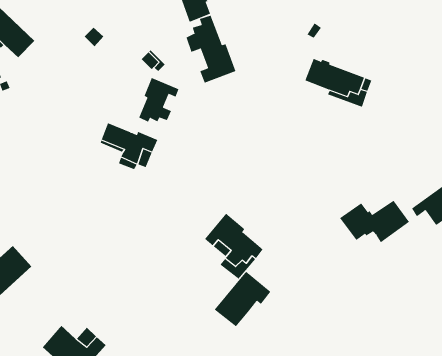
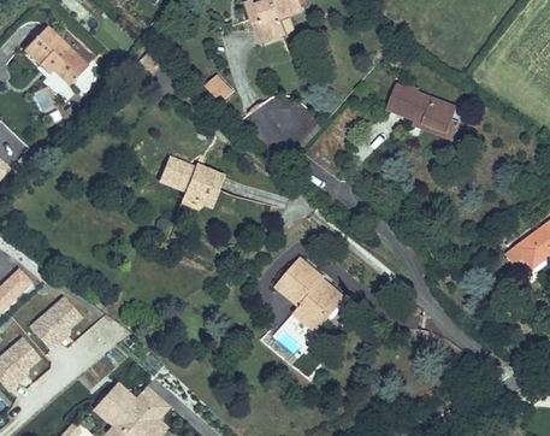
building: [186,15,236,83] -> none
building: [138,77,179,122] -> none
building: [339,200,410,243] -> none
building: [214,271,271,327] -> none

